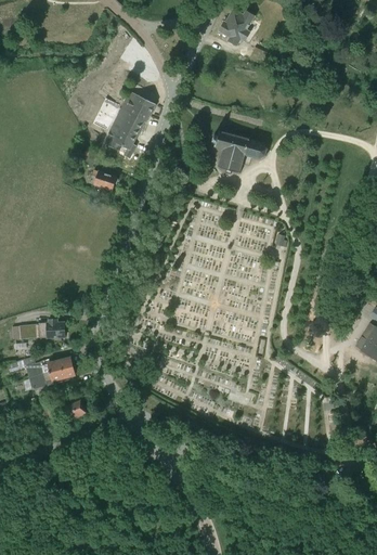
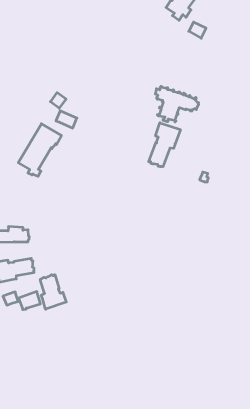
building: [104,91,156,157] -> [18,124,61,176]
building: none -> [149,123,180,167]
building: none -> [40,275,66,309]

